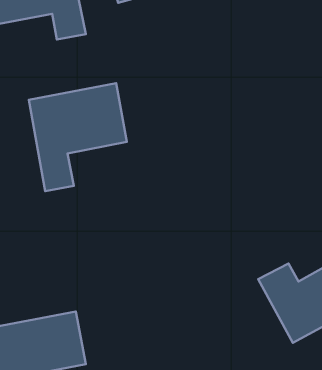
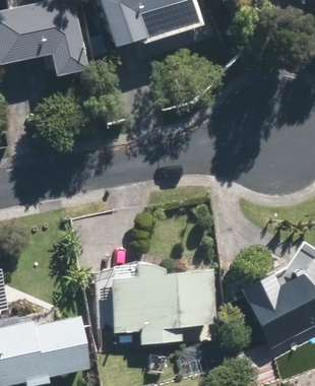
building: [29,83,127,191] -> none
building: none -> [116,272,215,339]

